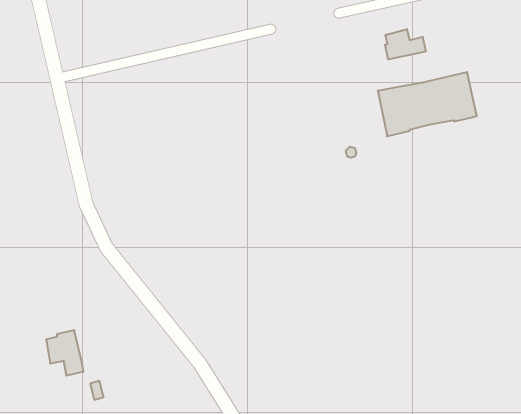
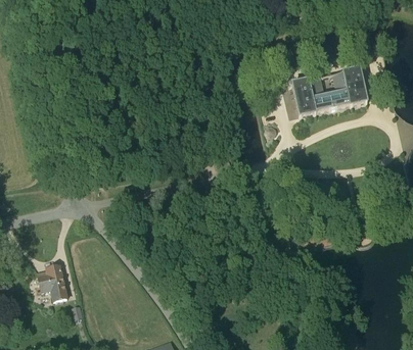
building: [385,29,426,59] -> none

